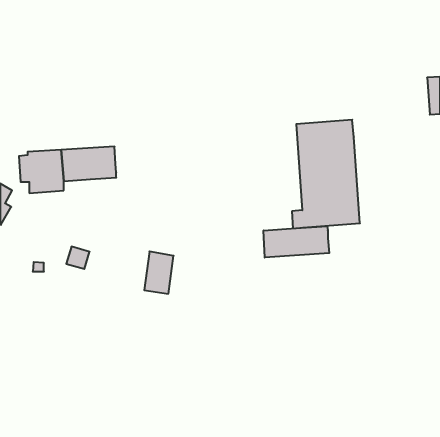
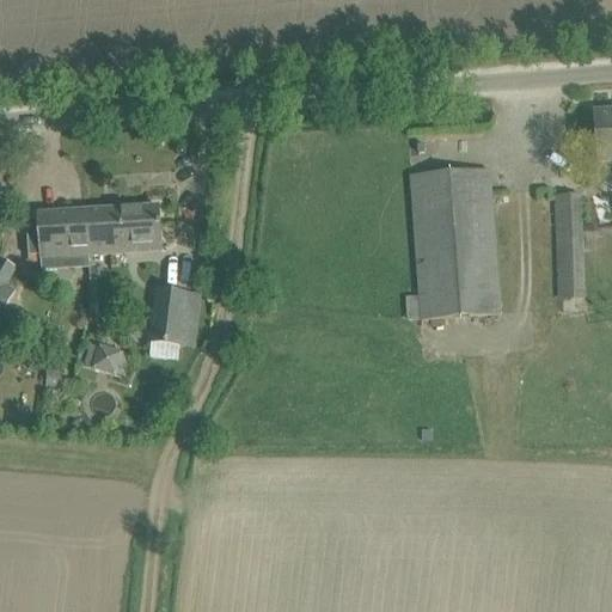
building: none -> [553,190,585,296]
building: [264,226,329,258] -> none
building: [144,251,174,294] -> [148,284,189,343]

